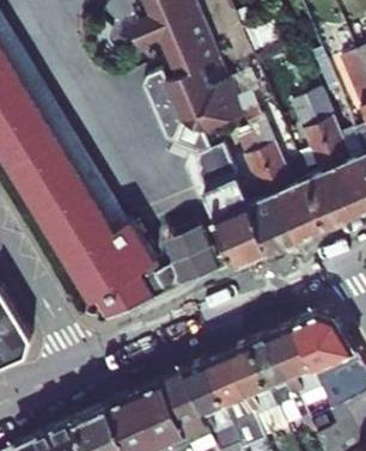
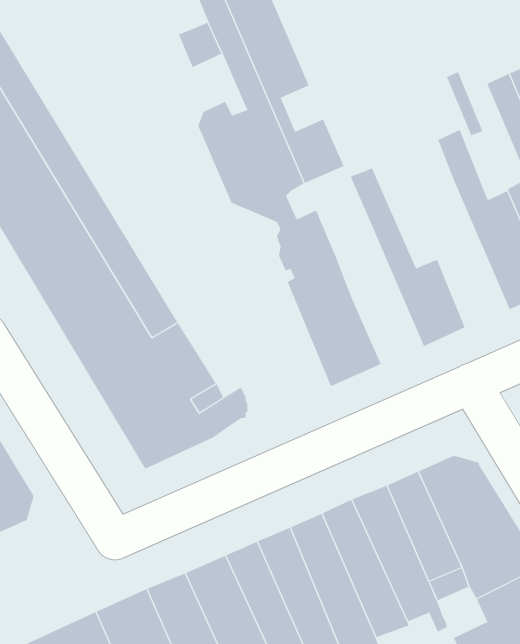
building: [303,126,355,226] -> none
building: [244,151,297,251] -> none
building: [163,226,219,285] -> none

